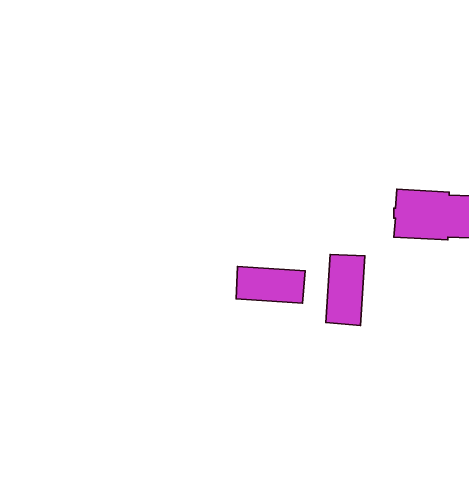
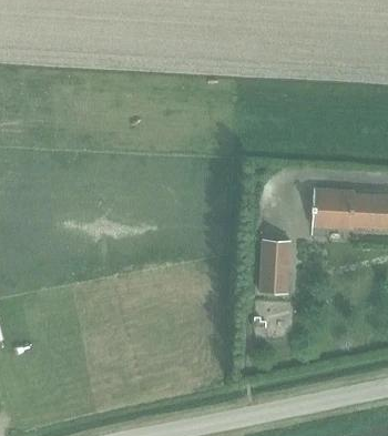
building: [236,266,305,303] -> none

